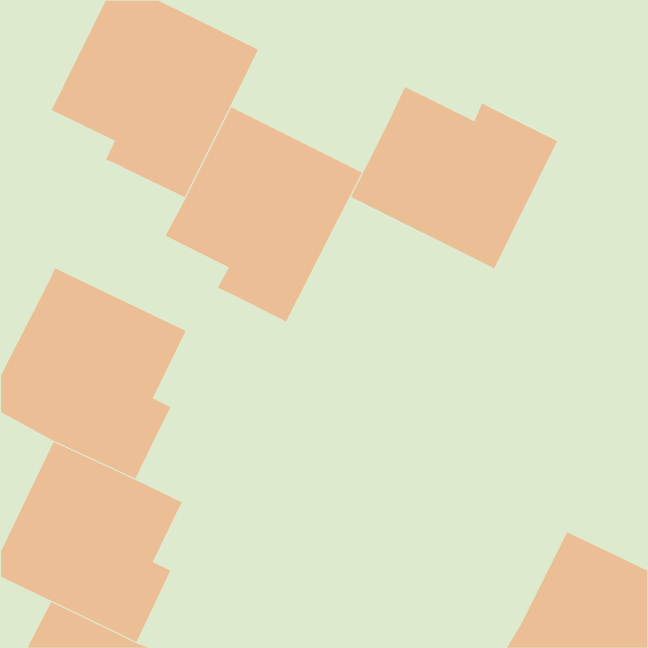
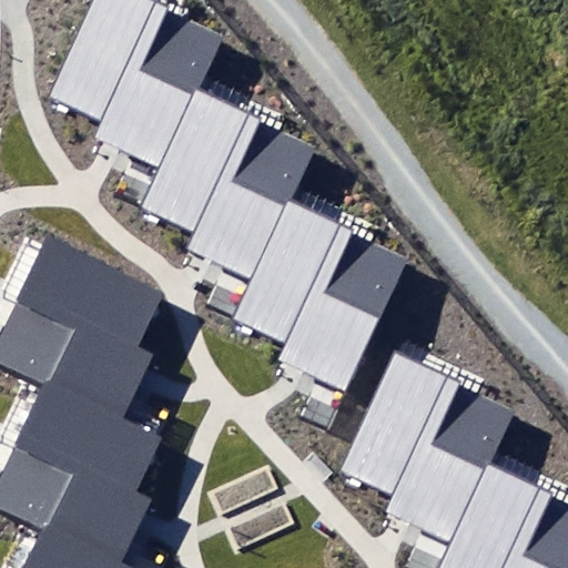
building: [350,86,558,269] -> none
building: none -> [233,201,412,398]
building: none -> [338,353,520,545]

